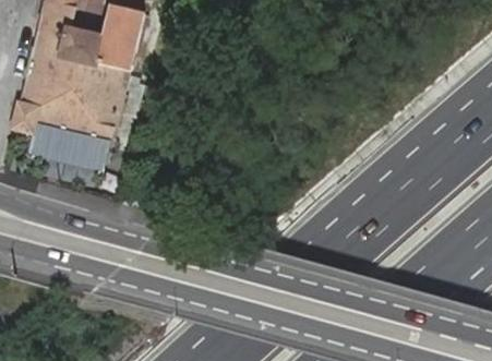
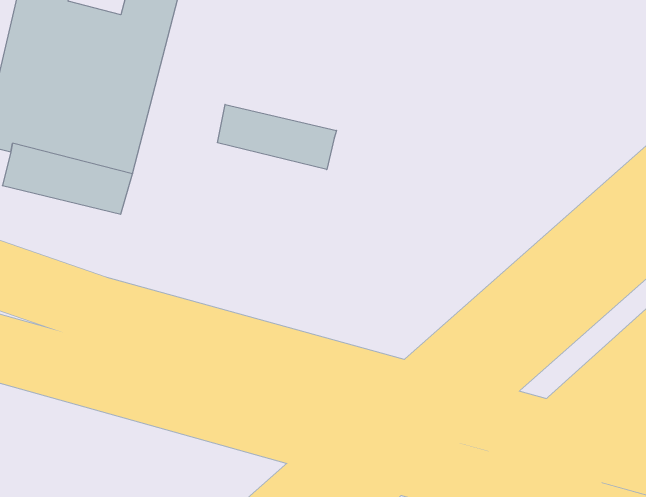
building: none -> [218,104,336,170]

